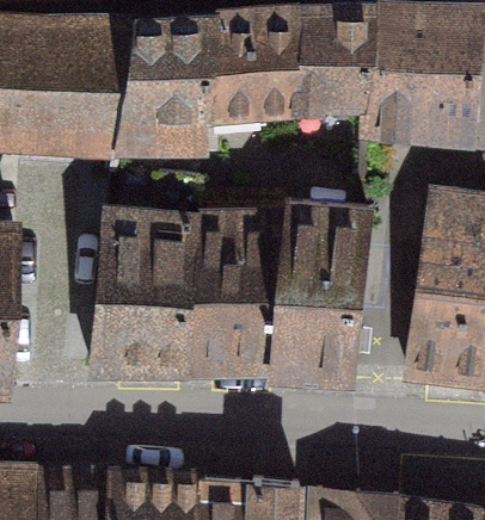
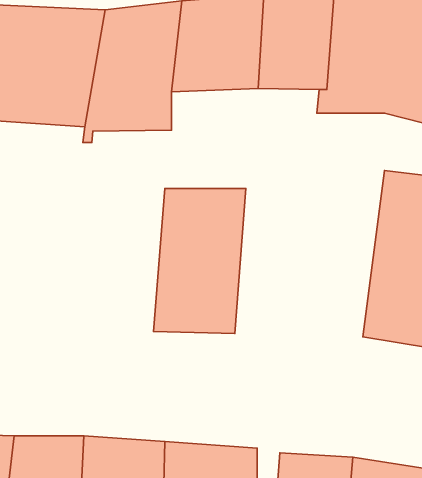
building: [92,173,202,364] -> none
building: [275,202,372,367] -> none

